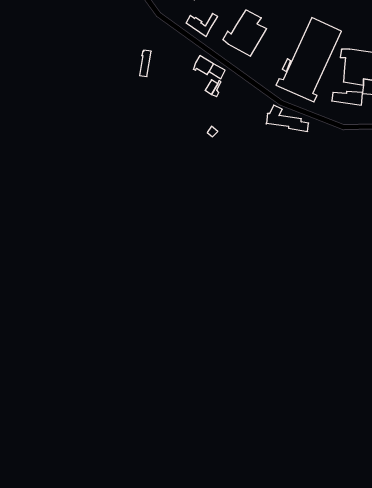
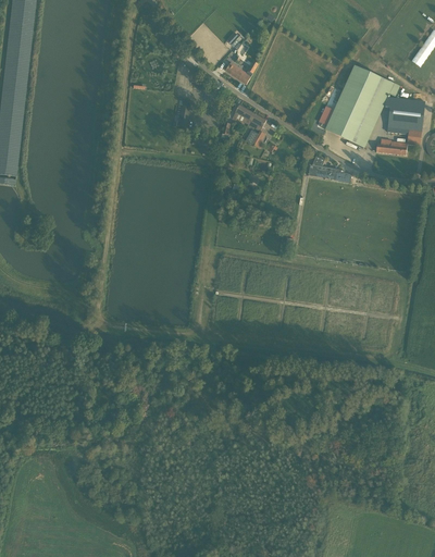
building: [223,10,267,56] -> none

